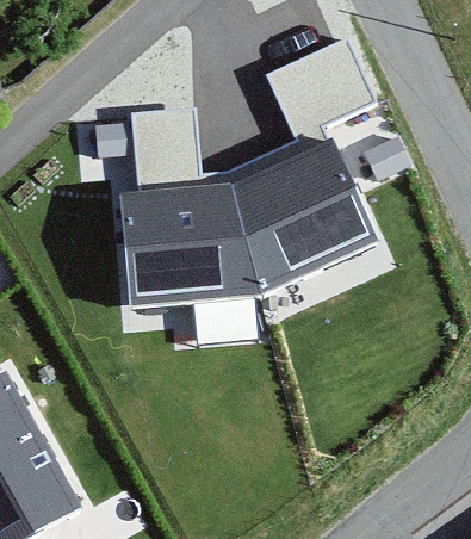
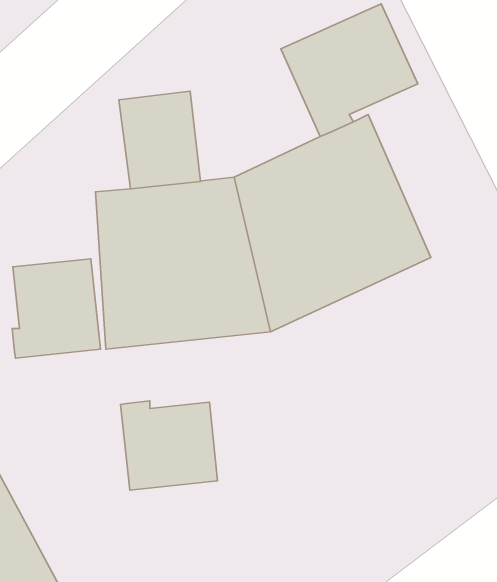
building: none -> [12,259,100,358]
building: none -> [121,401,218,490]

